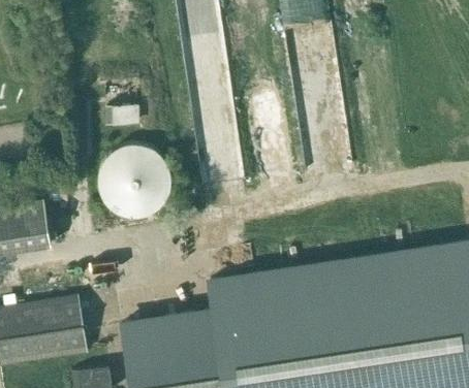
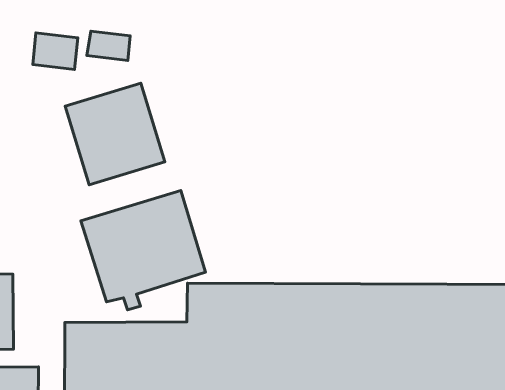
building: none -> [33,33,78,70]
building: none -> [81,190,205,310]

